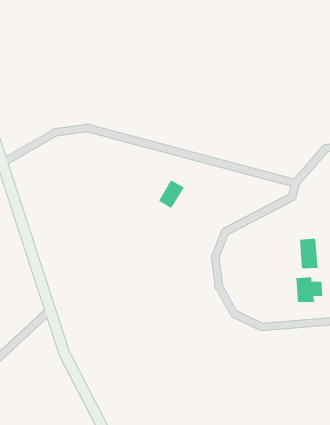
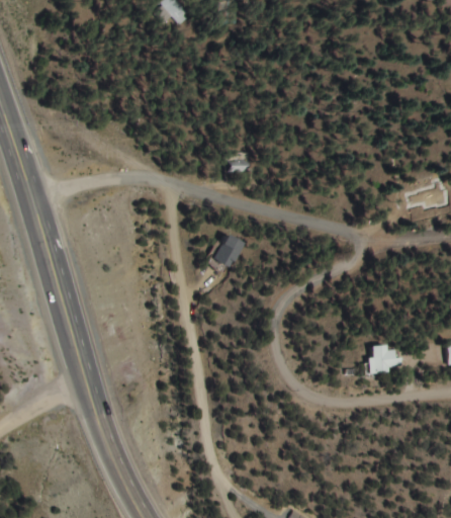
building: [300,238,318,269] -> none

